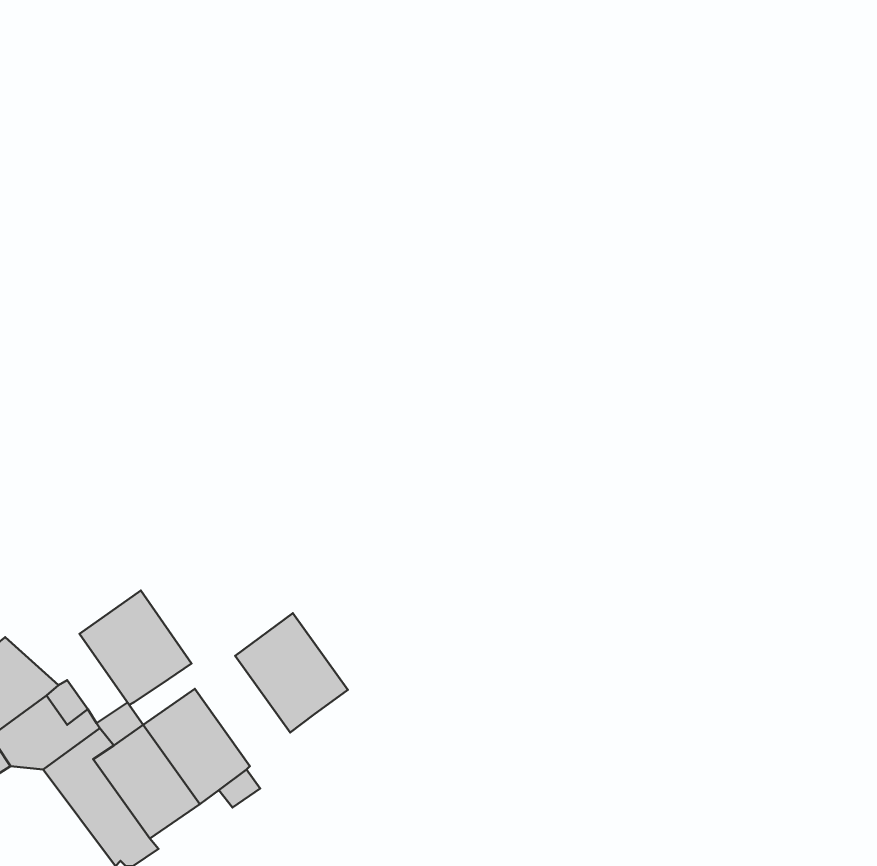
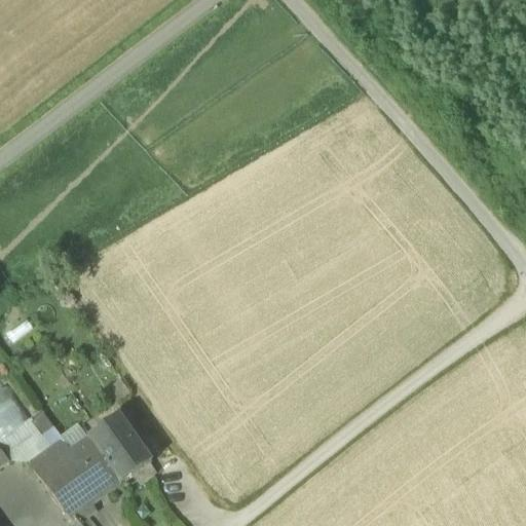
building: [80,591,191,705] -> none
building: [235,613,348,732] -> none

